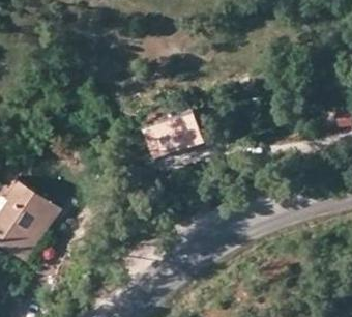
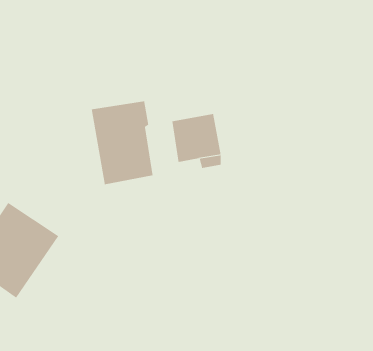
building: none -> [91,101,153,185]

